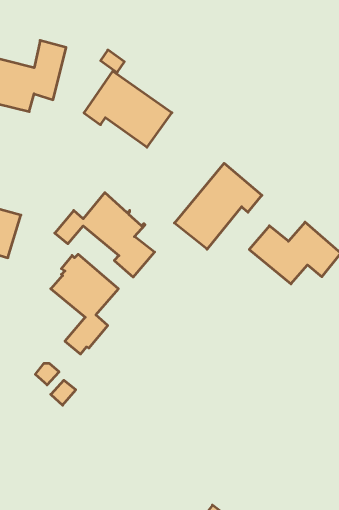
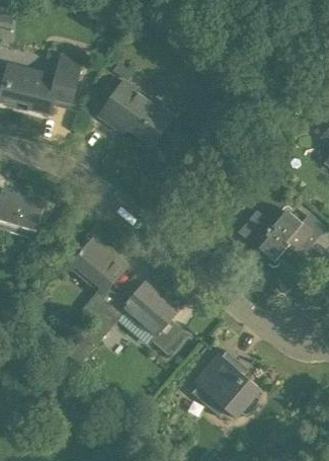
building: [174,163,262,249] -> none
building: [55,193,155,277] -> [101,281,186,353]
building: none -> [192,349,260,417]

